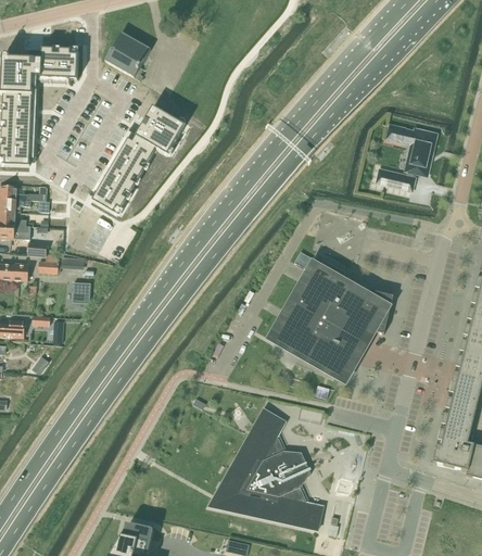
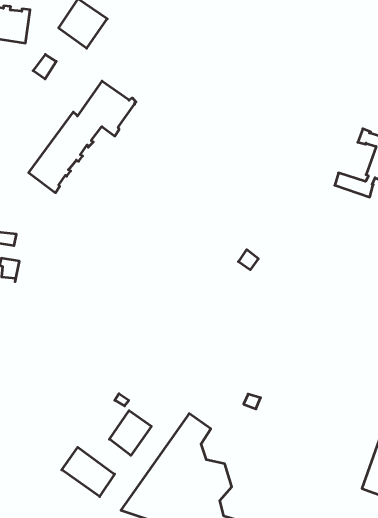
building: [278,260,393,374] -> none
building: none -> [109,411,151,455]
building: none -> [62,447,115,497]

